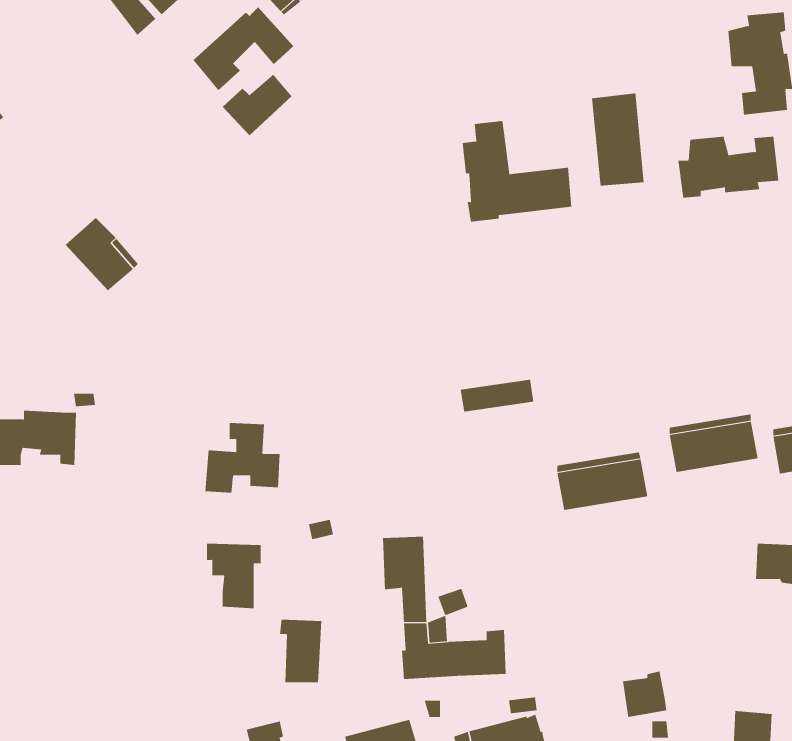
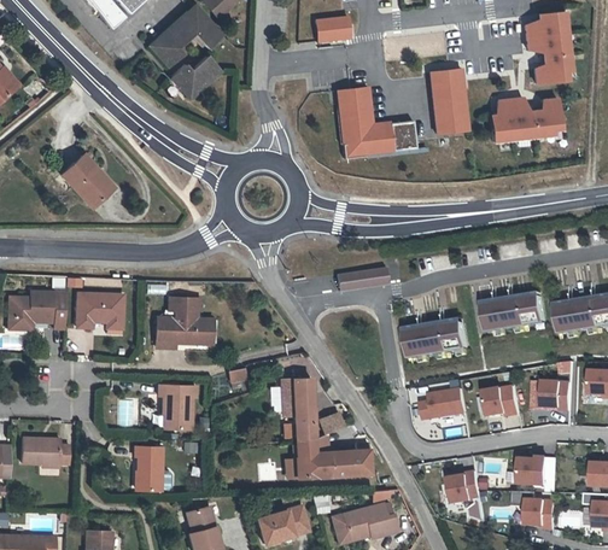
building: none -> [315,16,349,40]
building: none -> [80,289,127,323]
building: none -> [485,387,520,417]
building: none -> [421,390,466,420]
building: [279,619,322,683] -> [134,445,164,490]
building: none -> [23,437,71,463]
building: none -> [519,457,548,486]

